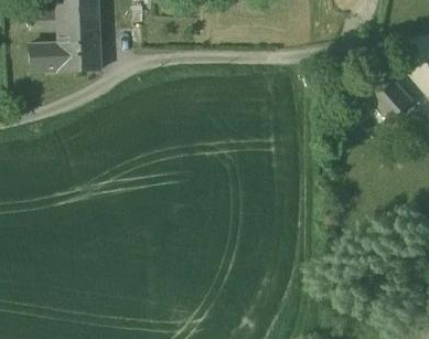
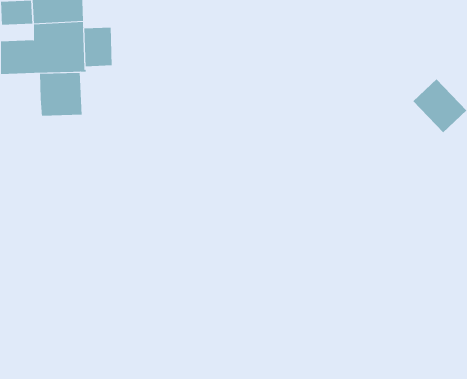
building: none -> [84,27,112,67]
building: none -> [39,72,82,116]

